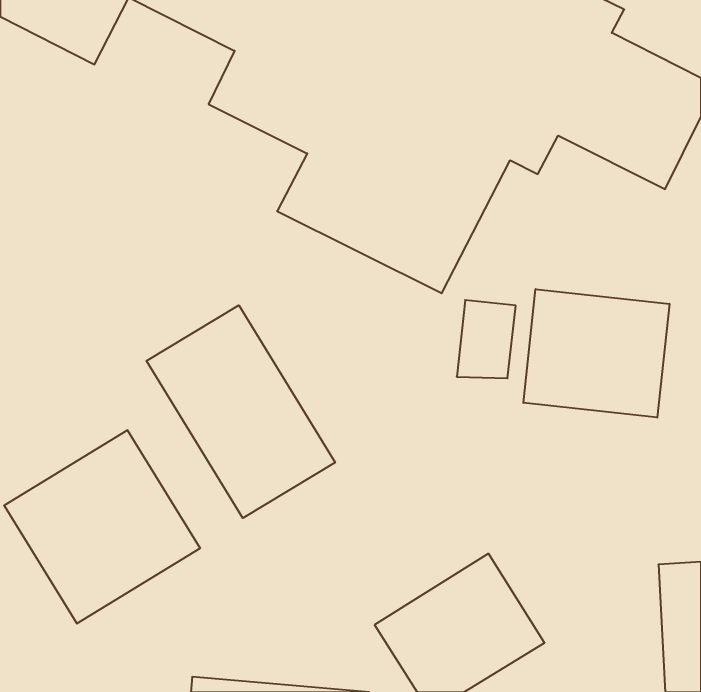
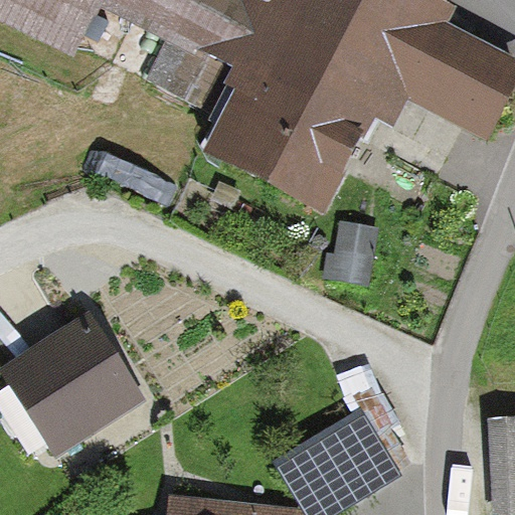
building: [523,289,669,418] -> none
building: [147,305,335,518] -> none

